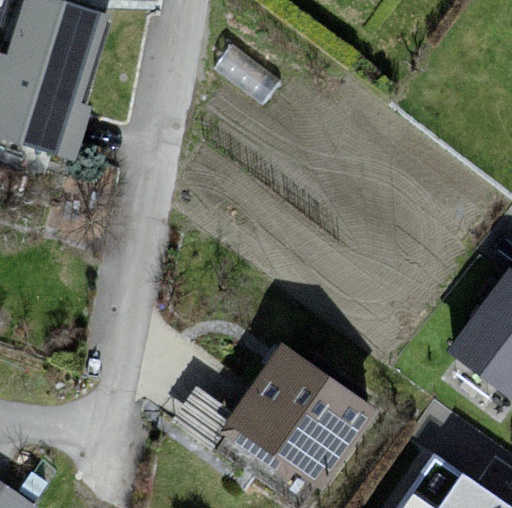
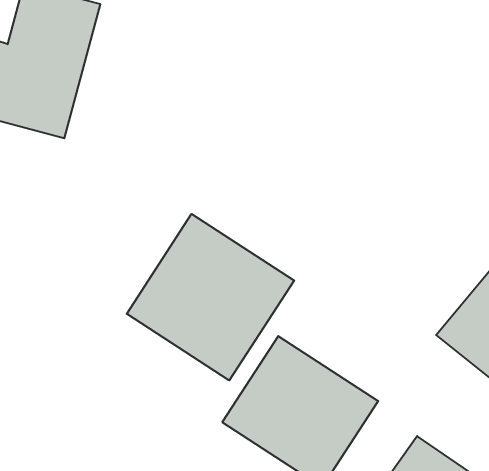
building: none -> [127,214,294,380]

